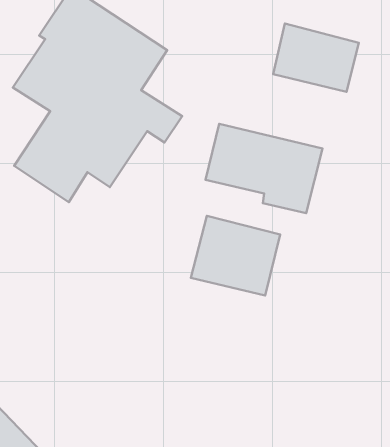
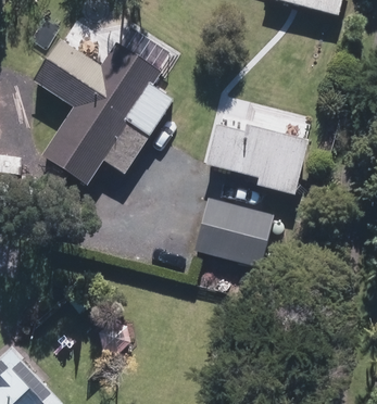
building: [273,24,359,92] -> none

